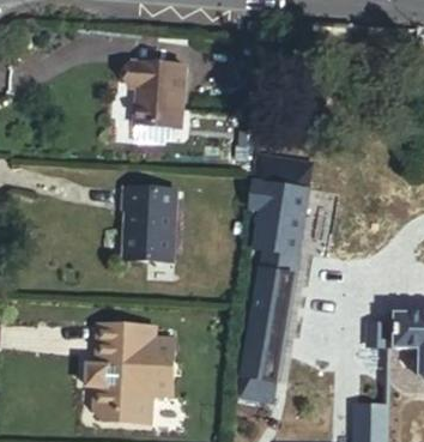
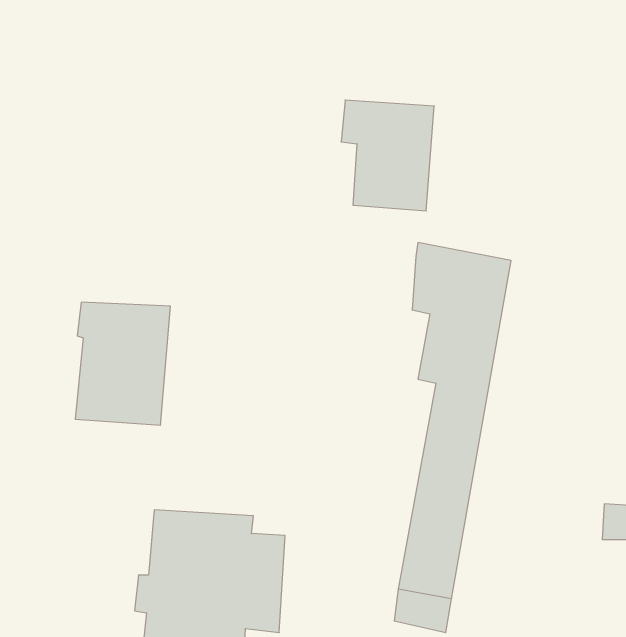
building: [131,62,187,129] -> [341,100,434,211]
building: [121,187,178,261] -> [75,302,170,425]

